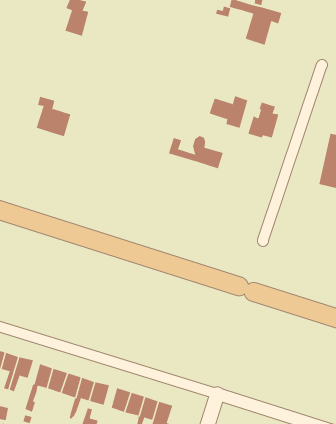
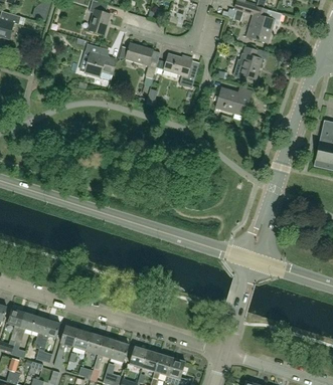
building: none -> [126,42,158,85]
building: none -> [165,54,197,87]
building: [36,96,71,137] -> [86,43,117,79]
building: [248,102,279,138] -> [233,47,262,79]
building: [168,135,223,169] -> none

